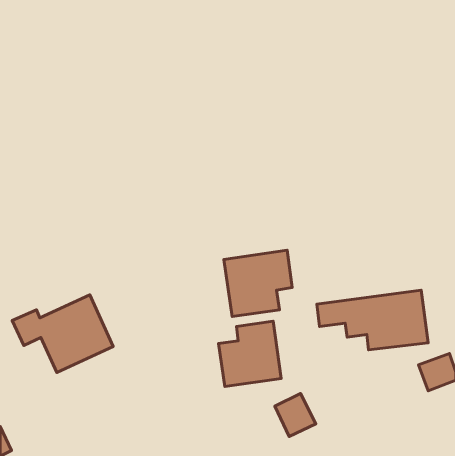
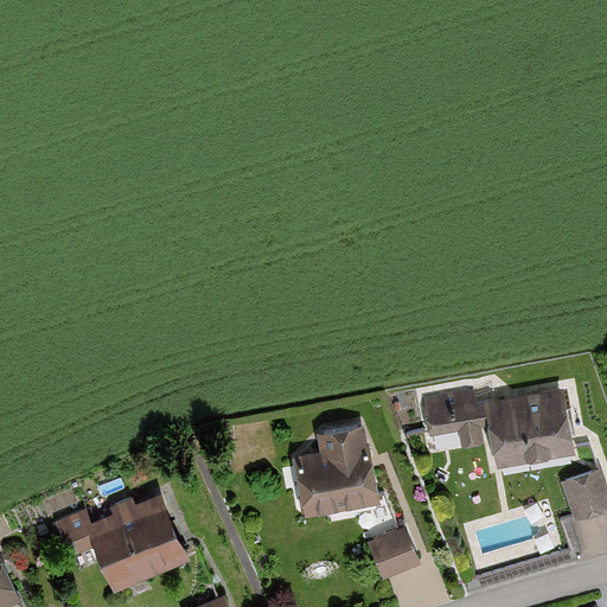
building: [224,250,292,317] -> none
building: [12,295,113,372] -> [55,488,189,592]

